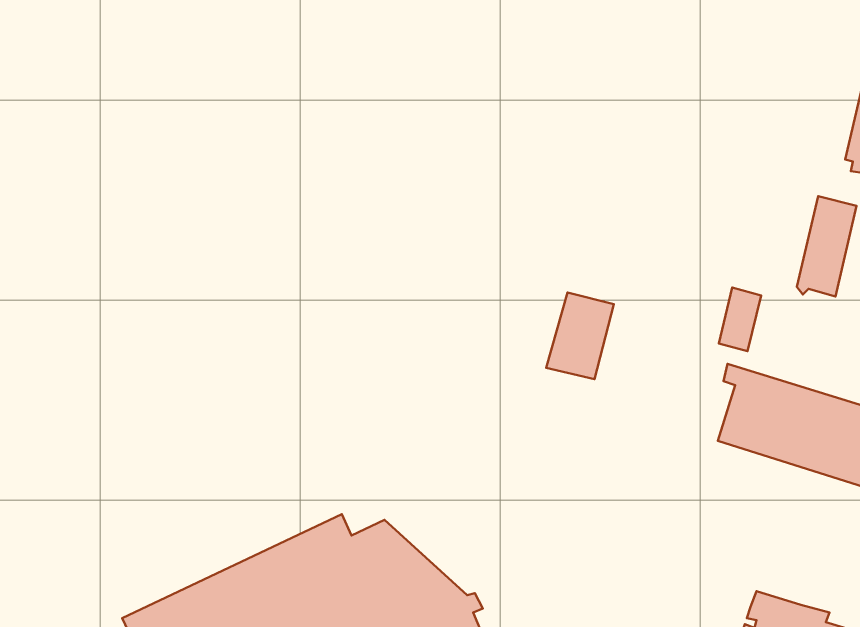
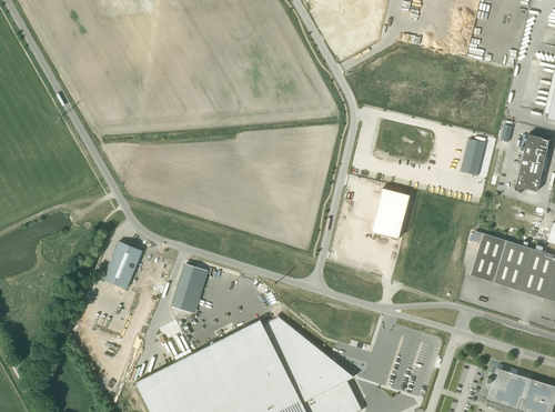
building: [719,288,761,351] -> [463,140,487,177]
building: none -> [105,242,144,289]
building: none -> [174,264,204,312]

